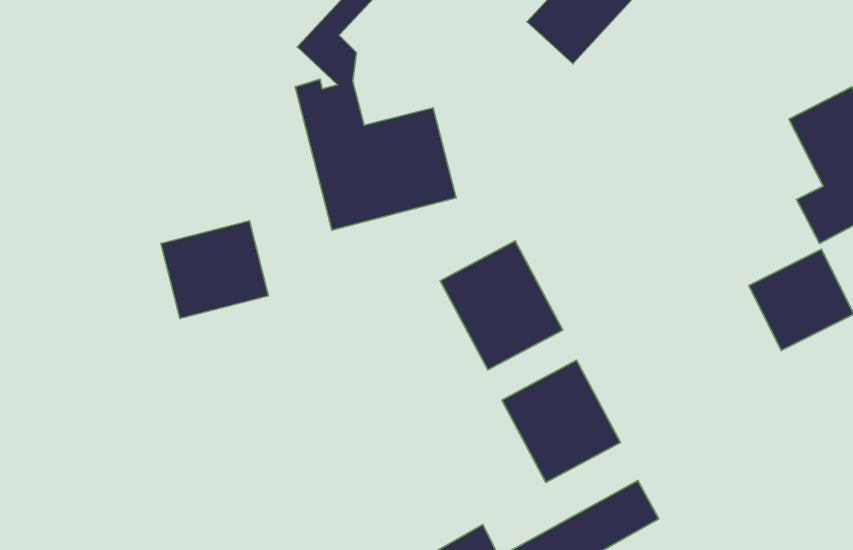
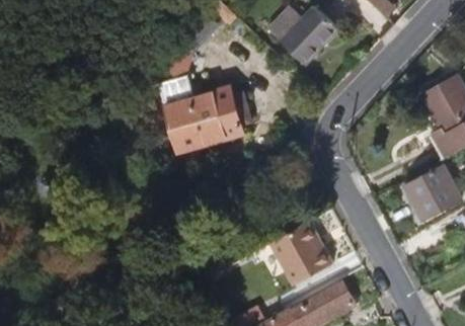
building: [161,221,269,318] -> none
building: [440,241,563,370] -> none

